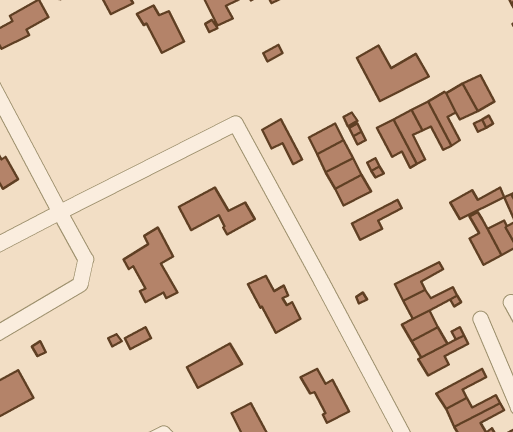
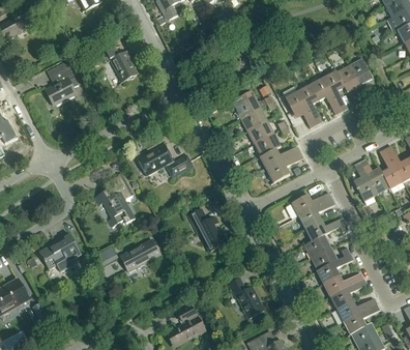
building: [137,6,184,53] -> [101,46,137,81]
building: [357,45,429,101] -> none
building: none -> [47,67,79,106]
building: [262,119,302,164] -> none
building: [450,187,504,219] -> [291,191,331,214]
building: none -> [259,145,300,169]
building: none -> [38,233,81,271]
building: [187,343,242,388] -> [119,238,160,271]
building: none -> [323,272,363,296]

